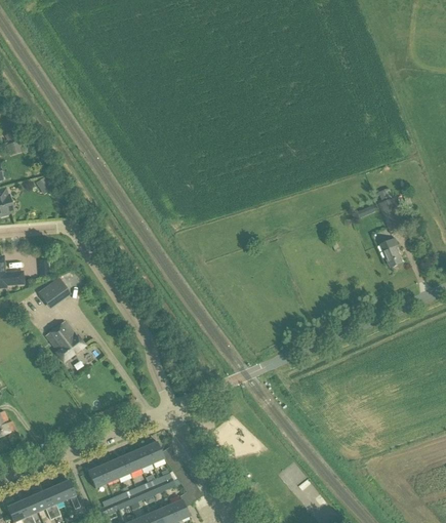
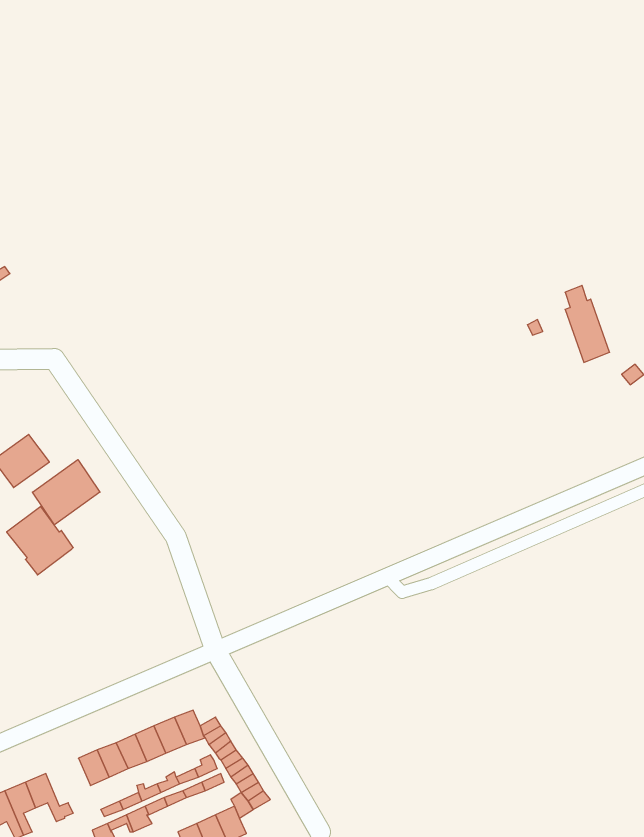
building: [379,237,402,267] -> none
building: none -> [32,460,100,525]

